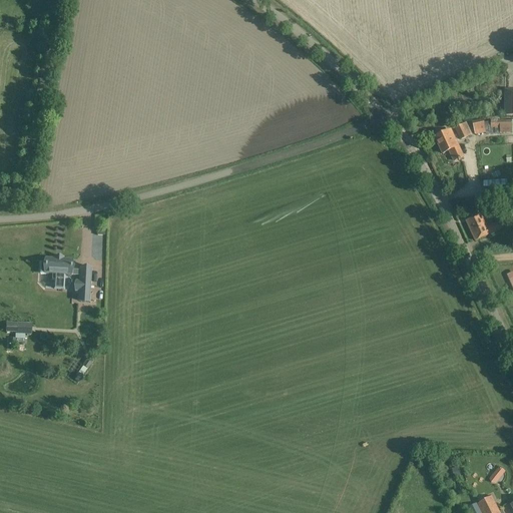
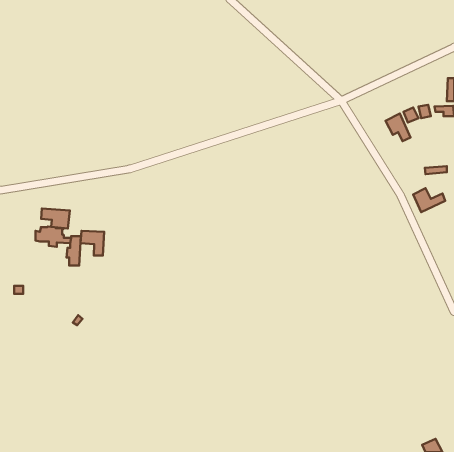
building: none -> [41,209,70,229]
building: none -> [80,231,104,255]

